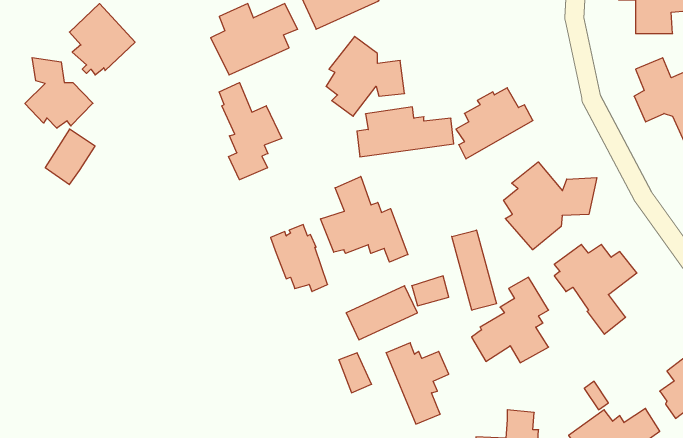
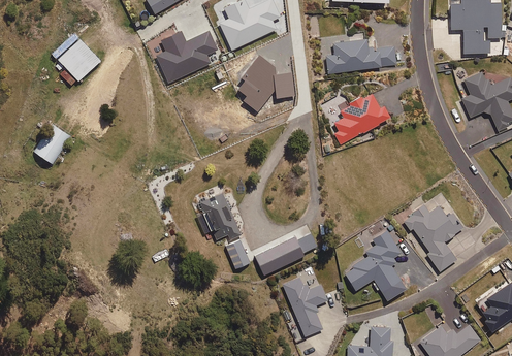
building: [25,58,93,128] -> none
building: [219,83,282,180] -> none
building: [357,107,454,157] -> [326,37,396,73]
building: [504,162,597,250] -> none
building: [321,176,408,262] -> none
building: [452,230,496,310] -> none
building: [339,353,372,393] -> [226,239,250,268]

